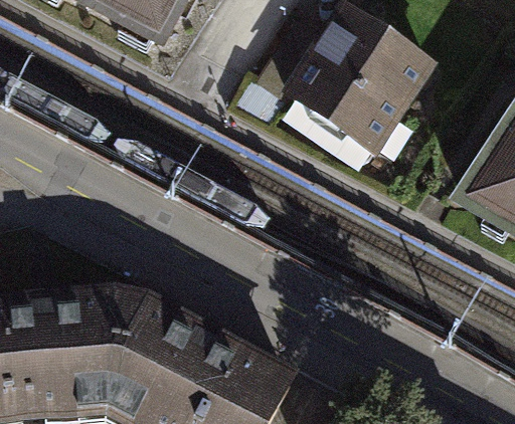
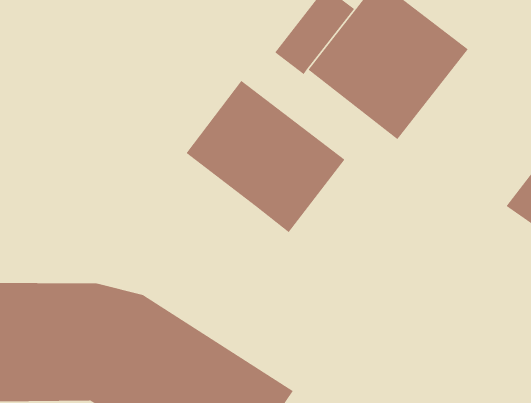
building: none -> [185,80,346,233]

